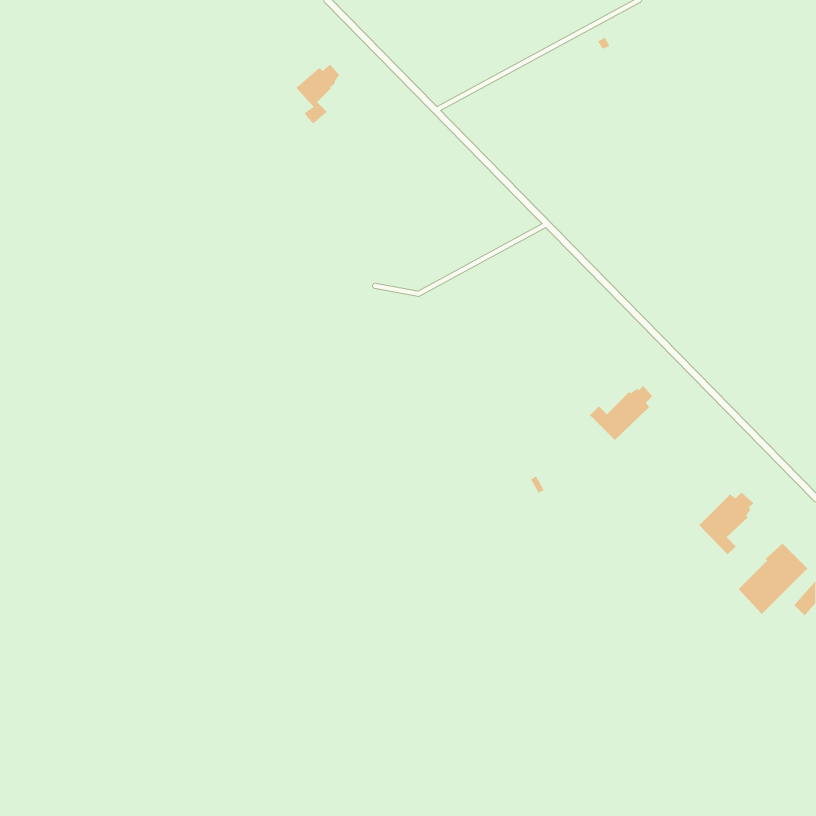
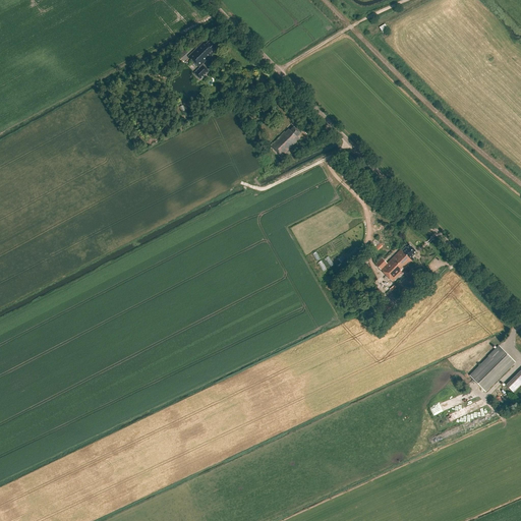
building: none -> [271,127,300,157]
building: [699,492,754,555] -> none

